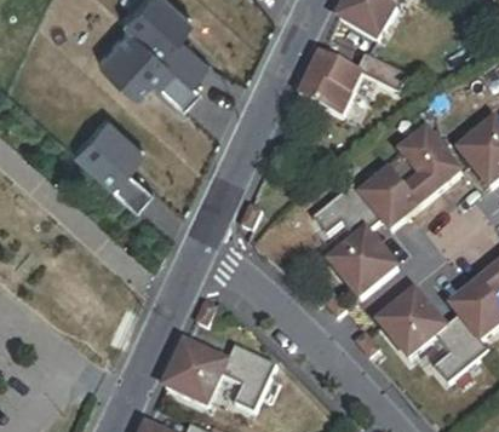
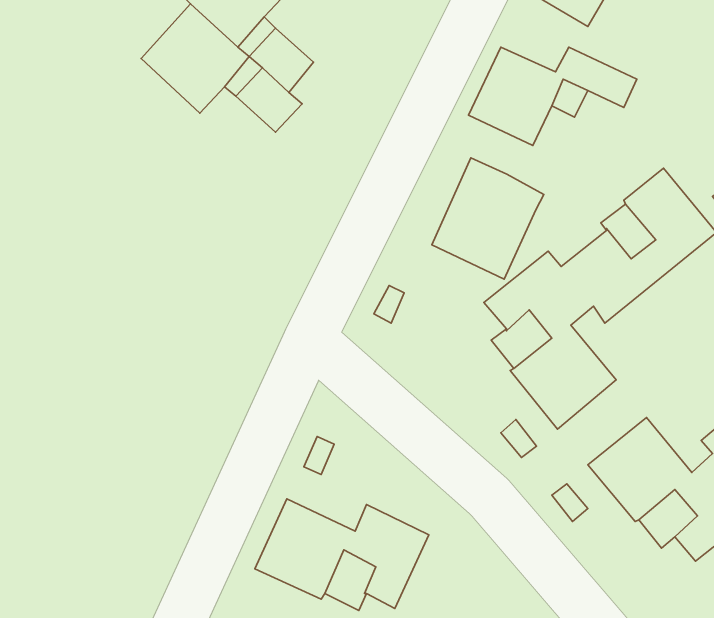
building: [68,115,147,206] -> none
building: none -> [432,158,544,279]

